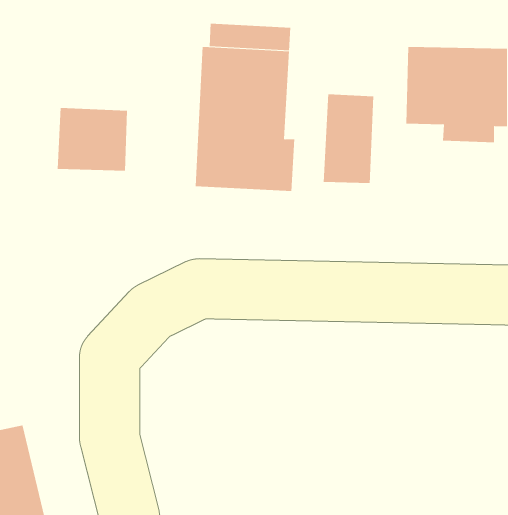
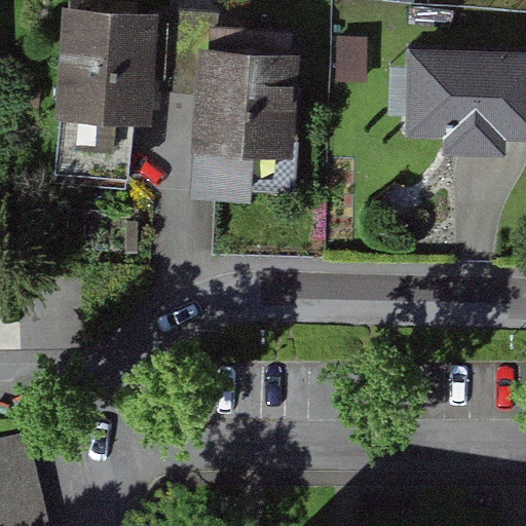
building: none -> [61,10,151,115]
building: [323,93,374,184] -> none

